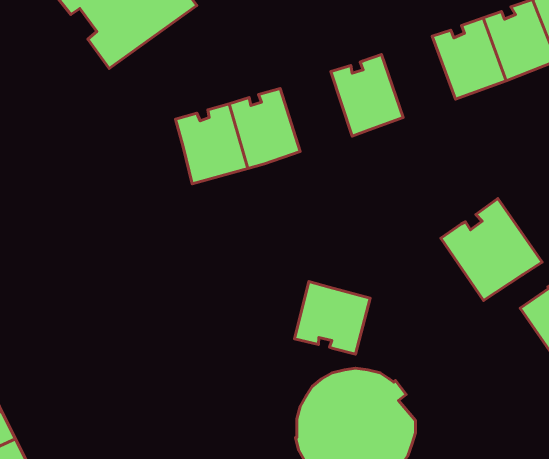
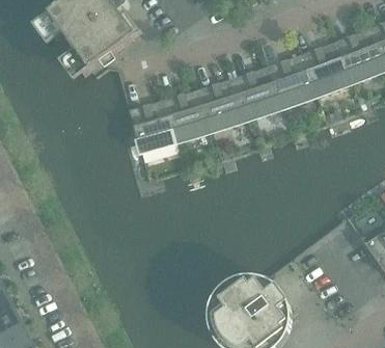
building: none -> [268,53,318,108]
building: none -> [199,77,248,131]
building: [441,199,542,301] -> none
building: [294,282,370,354] -> none

